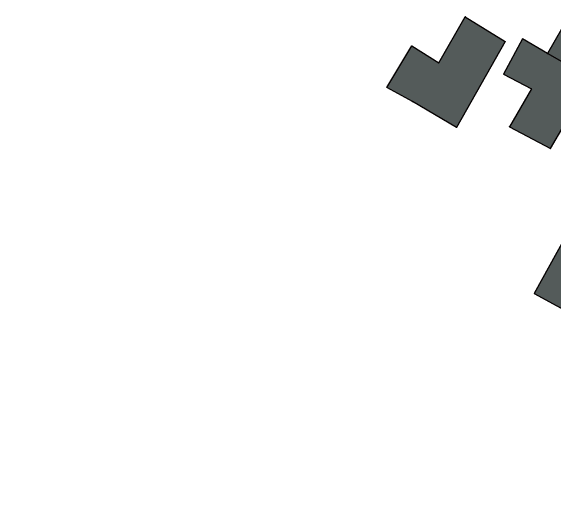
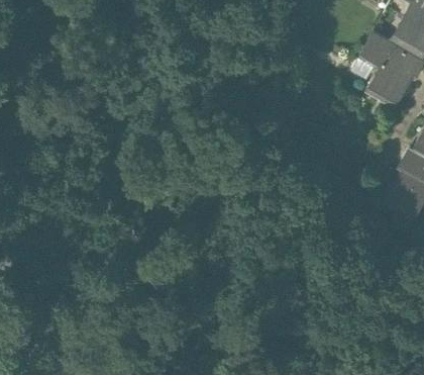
building: [387,17,505,127] -> none

